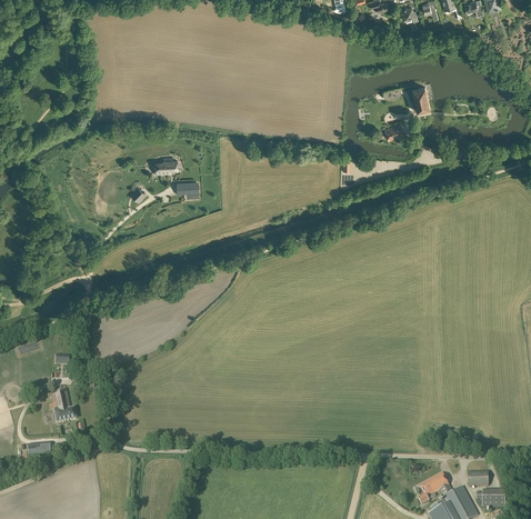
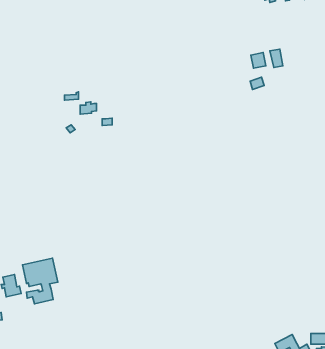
building: none -> [22,258,58,304]

